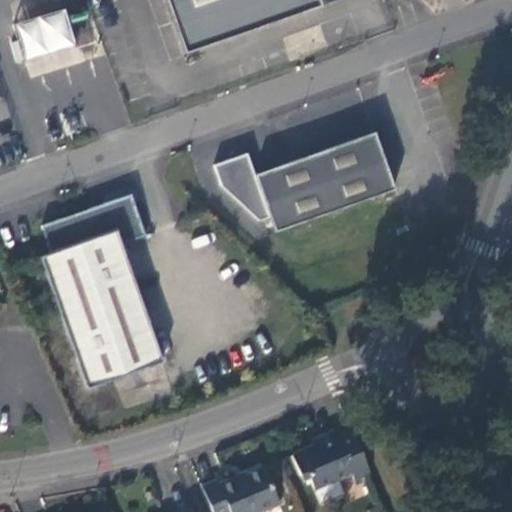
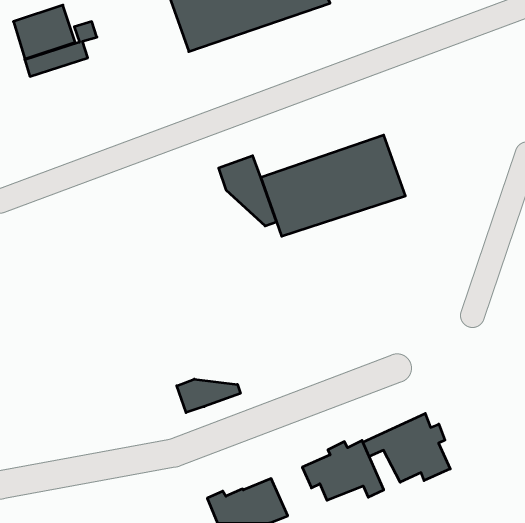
building: [41,192,162,386] -> none
building: none -> [177,379,240,413]
building: none -> [363,413,450,482]

